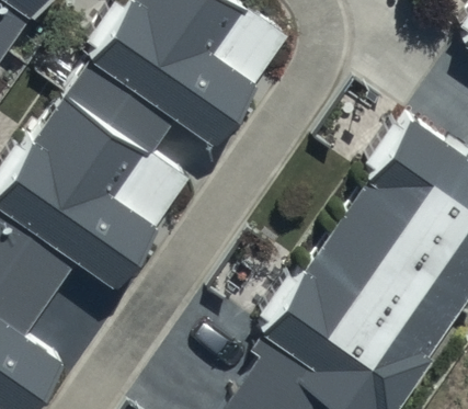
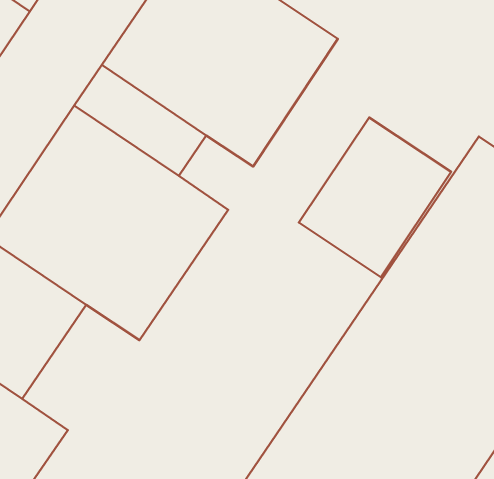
building: none -> [299,118,451,277]

